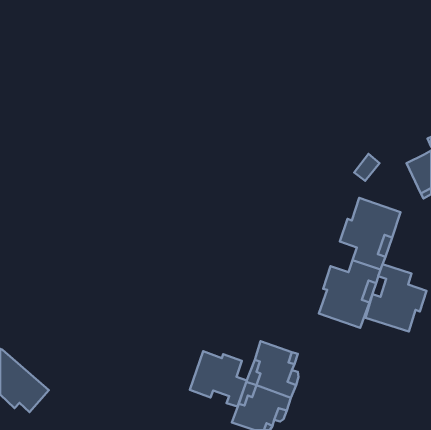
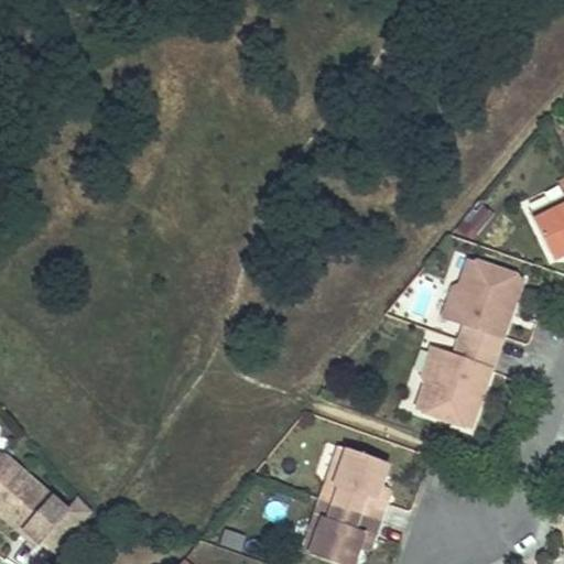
building: [366,264,427,332] -> none
building: [190,351,247,406] -> none

